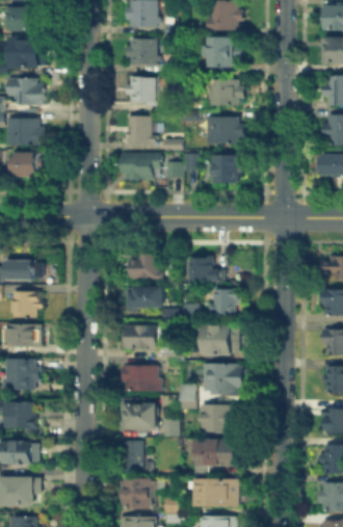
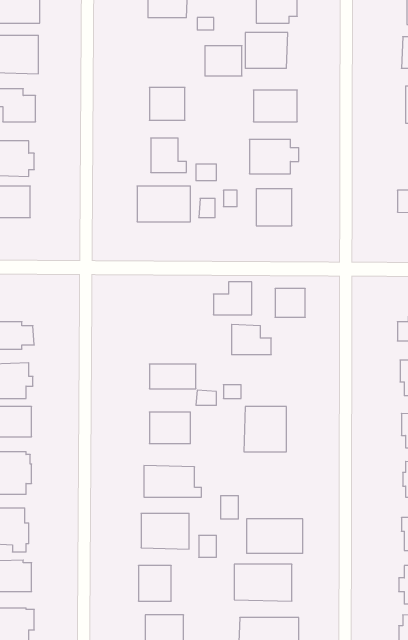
building: [128,42,156,64] -> [205,46,242,76]
building: [132,255,161,280] -> [213,282,252,315]
building: [213,292,236,314] -> [275,289,305,317]
building: [205,365,245,396] -> none

